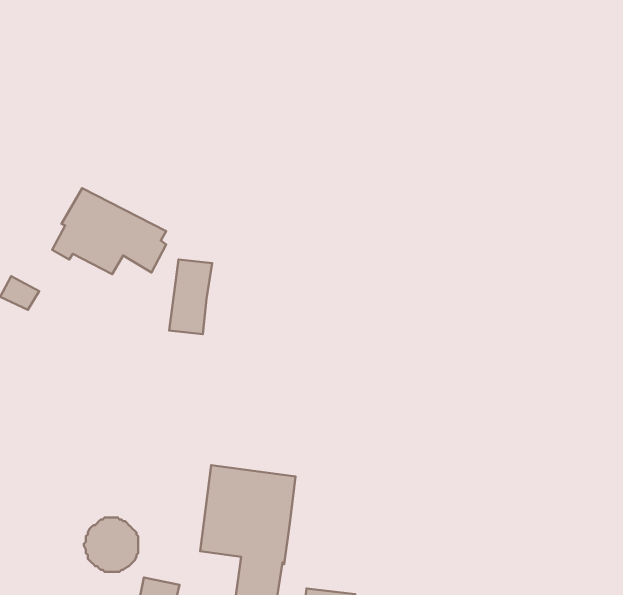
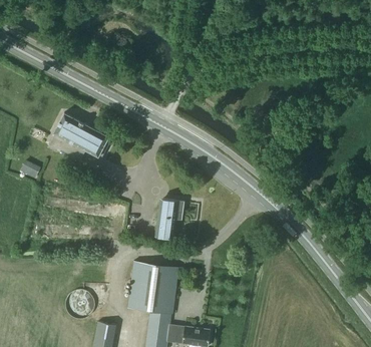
building: [169,259,212,334] -> [156,199,179,239]

